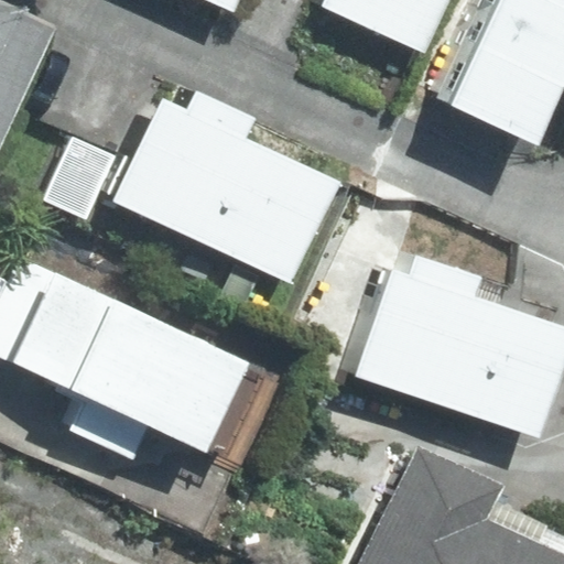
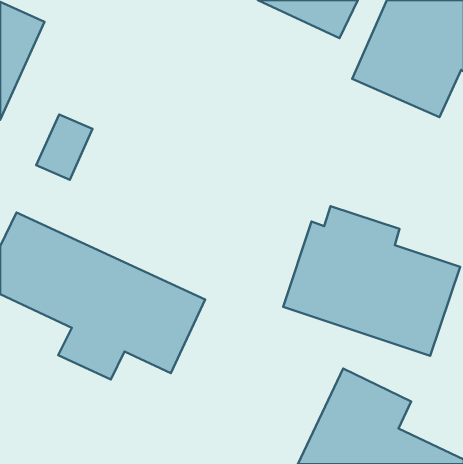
building: [116,91,341,285] -> none

